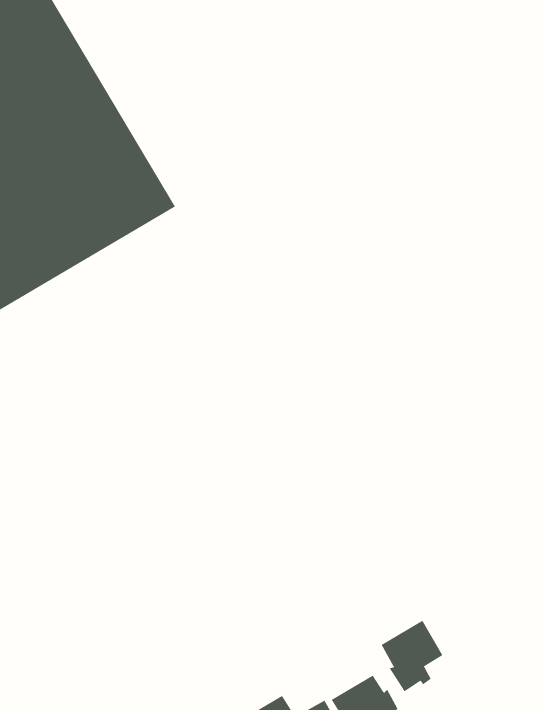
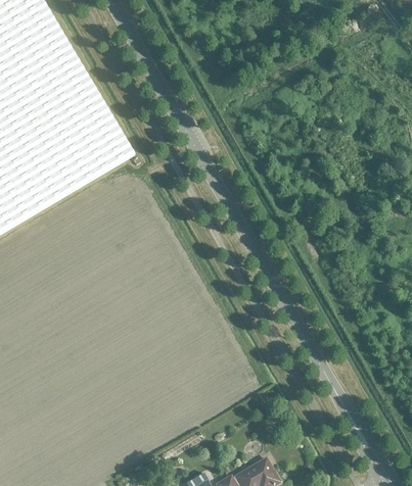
building: [381,620,443,692] -> none

